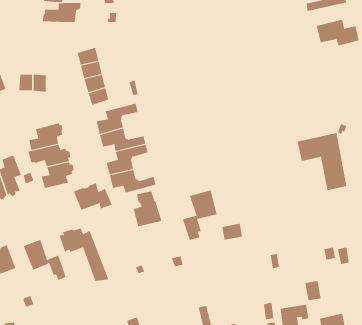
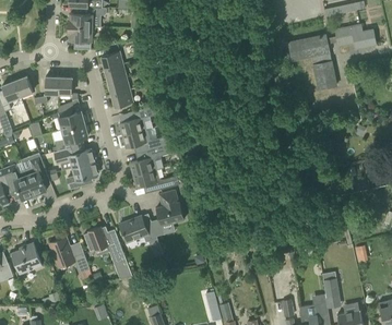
building: none -> [68,26,93,50]
building: none -> [58,107,86,131]
building: [297,132,347,191] -> [287,34,336,91]
building: [73,182,112,210] -> [119,216,157,243]
building: [182,189,217,241] -> none

